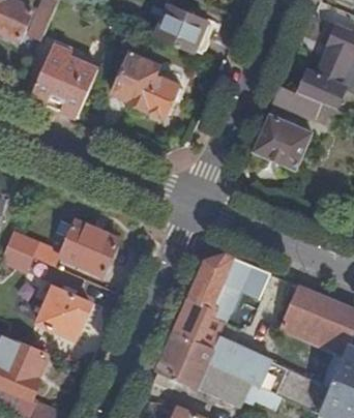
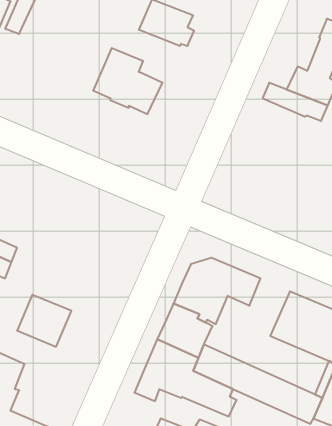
building: [29,44,97,118] -> none
building: [252,113,311,170] -> none
building: [61,220,119,274] -> none

